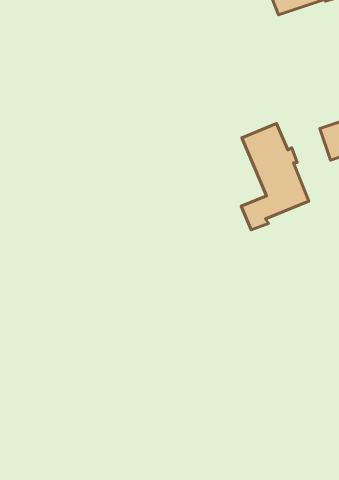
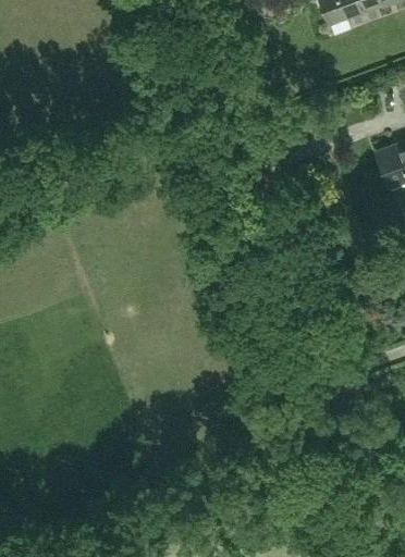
building: [241,124,309,230] -> none

